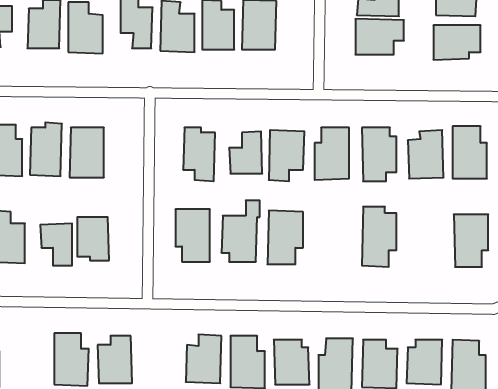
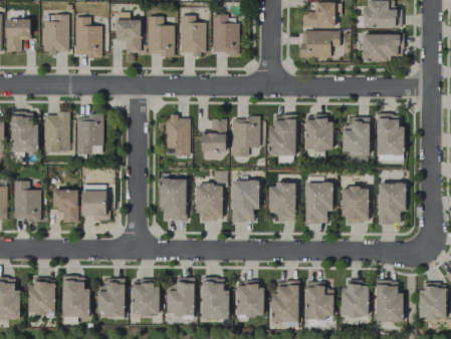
building: none -> [267,184,295,220]
building: none -> [343,188,369,224]
building: none -> [29,279,55,316]
building: none -> [132,280,159,316]

